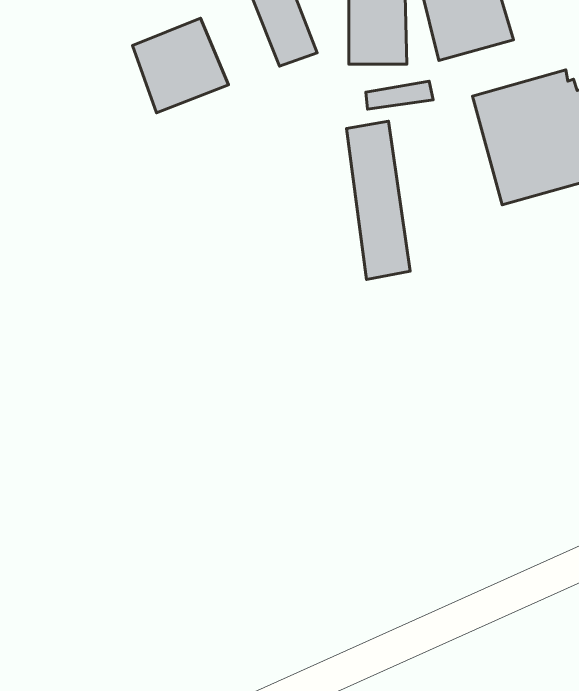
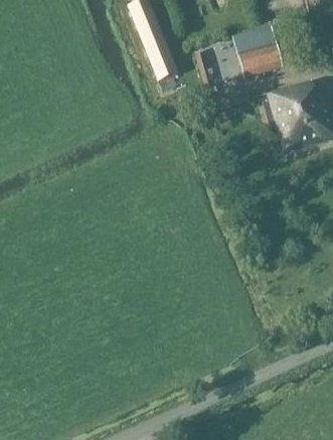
building: [132,18,229,113] -> none
building: [347,121,410,280] -> none

